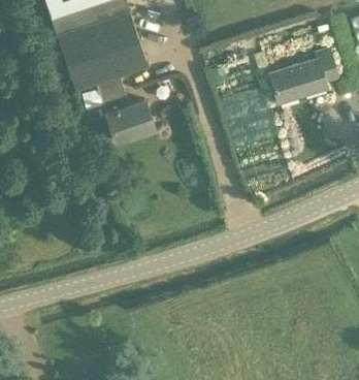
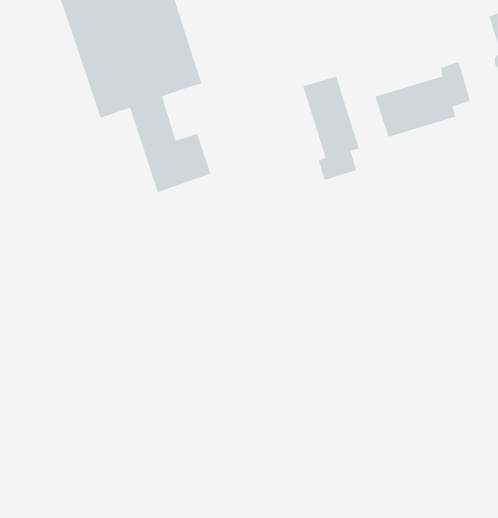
building: none -> [303,76,360,181]

